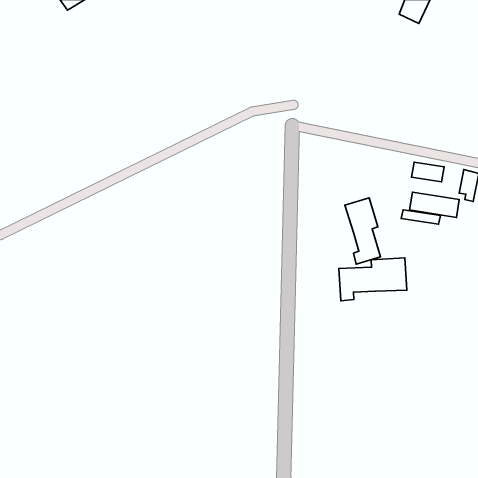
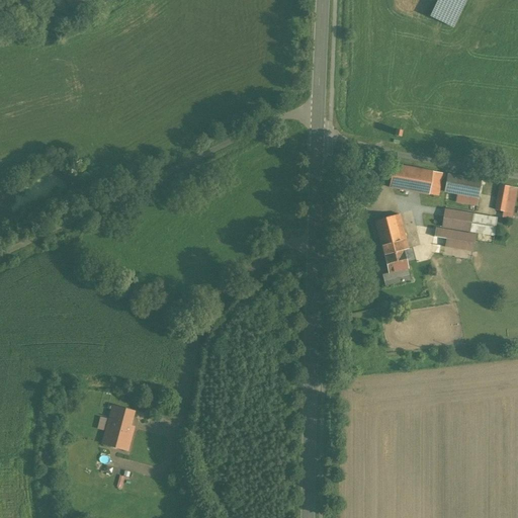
building: none -> [392,164,442,195]
building: [339,258,407,301] -> none
building: none -> [101,404,137,450]

